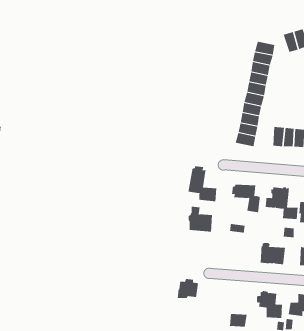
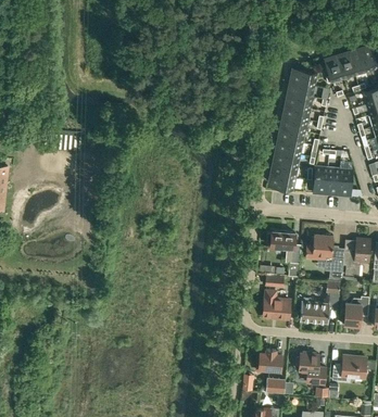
building: [188,165,217,202] -> none
building: [188,206,213,232] -> [262,290,290,319]
building: [177,278,199,299] -> [256,349,281,371]

